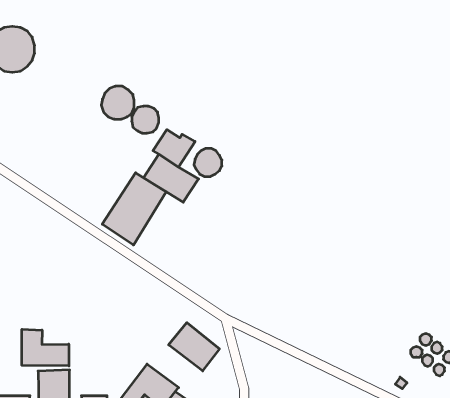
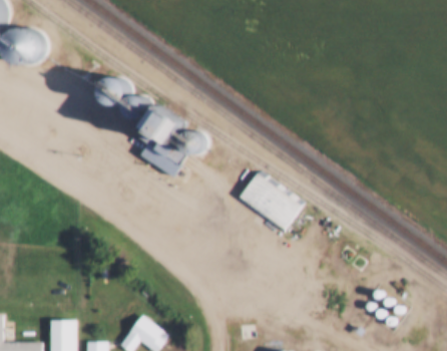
building: [102,173,166,245] -> none
building: none -> [239,173,301,231]
building: [169,323,219,371] -> none
building: [22,329,69,366] -> none

